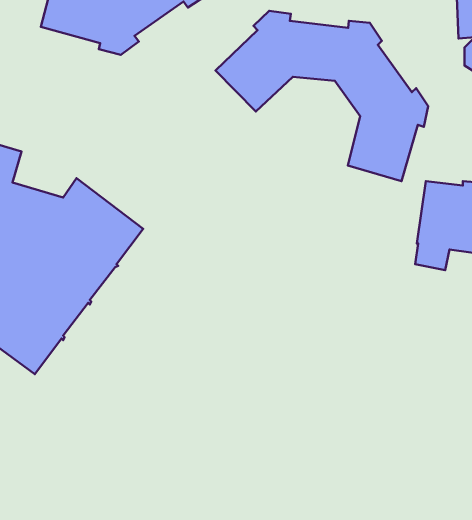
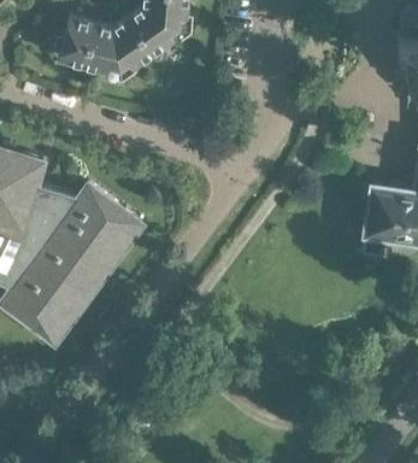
building: [215,11,428,181] -> none

